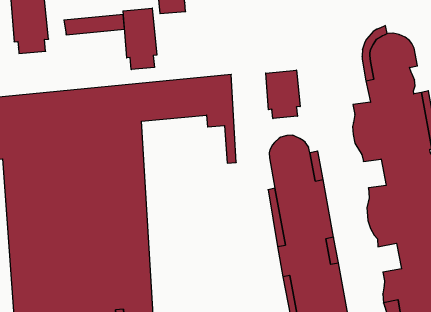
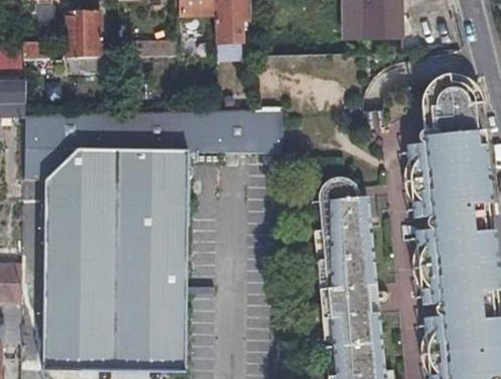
building: [123,8,157,70] -> none
building: [266,70,300,119] -> none

